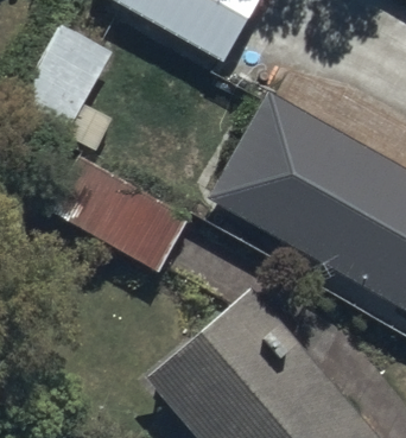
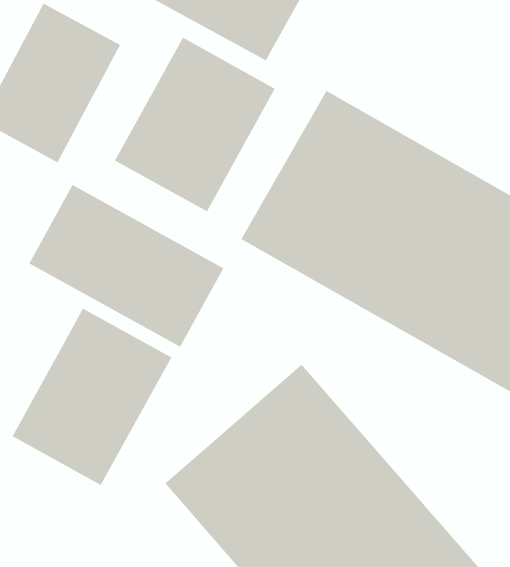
building: none -> [114,37,276,212]
building: none -> [12,308,172,486]

